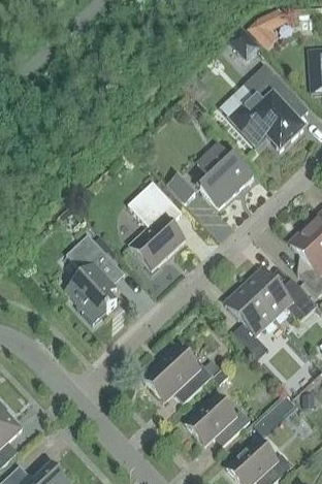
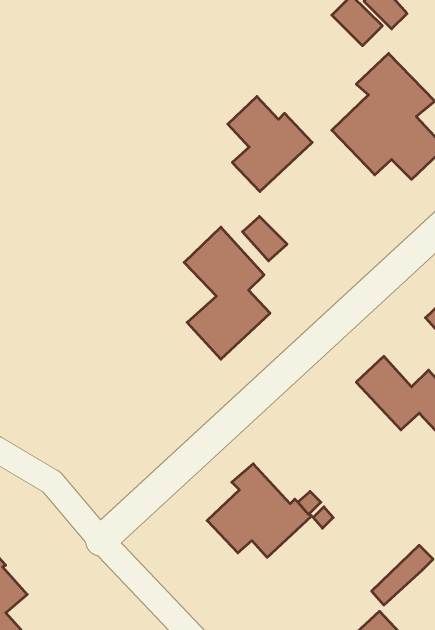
building: [196,143,253,207] -> [228,96,312,192]
building: [65,234,117,324] -> none
building: [224,286,272,359] -> none
building: [185,395,250,446] -> none

